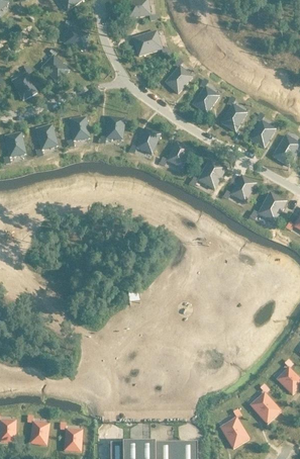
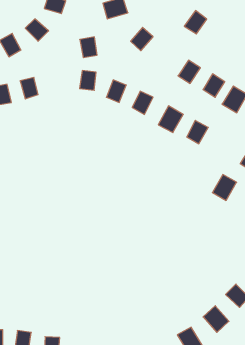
building: [192,86,218,113] -> [184,11,207,34]
building: [69,116,89,141] -> [80,37,97,58]
building: [258,192,286,222] -> [212,175,237,200]

